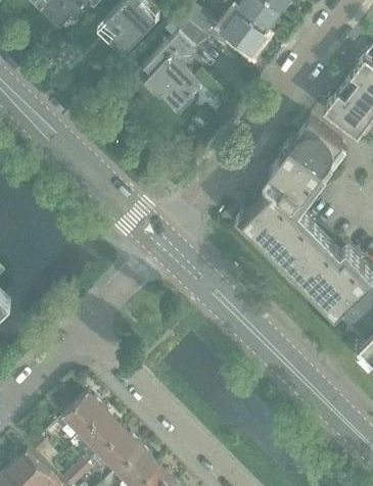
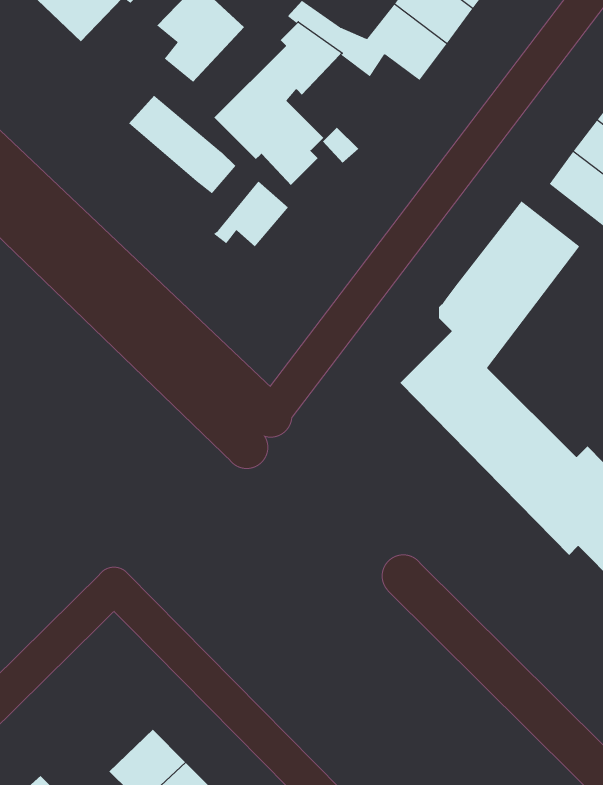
building: none -> [128,95,236,194]
building: none -> [213,181,289,247]
building: [62,393,104,435] -> none

